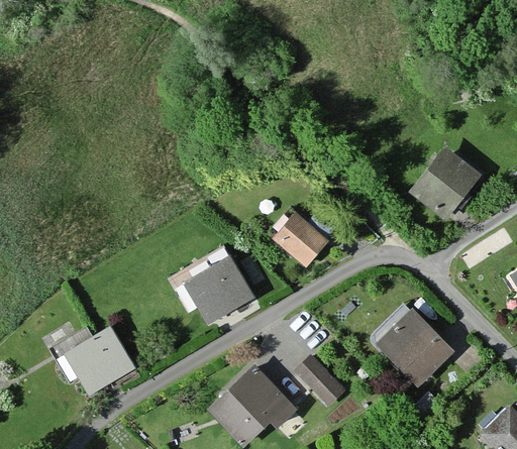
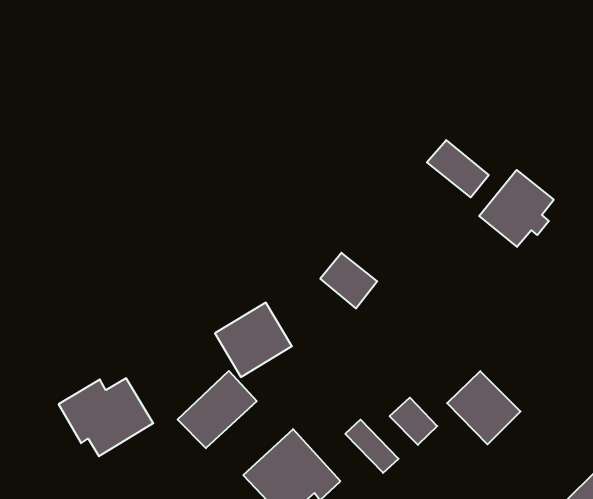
building: none -> [427,140,489,197]
building: none -> [178,371,257,448]
building: none -> [390,398,437,445]

